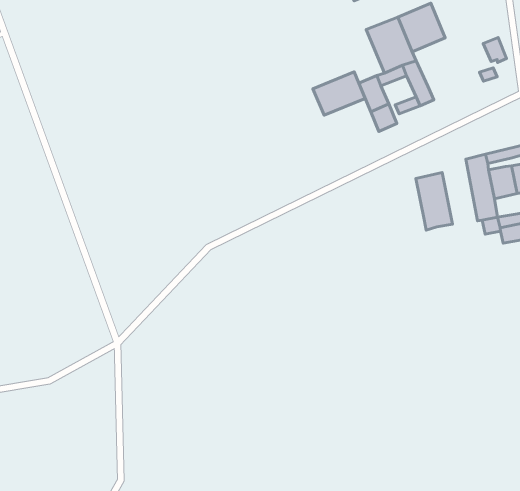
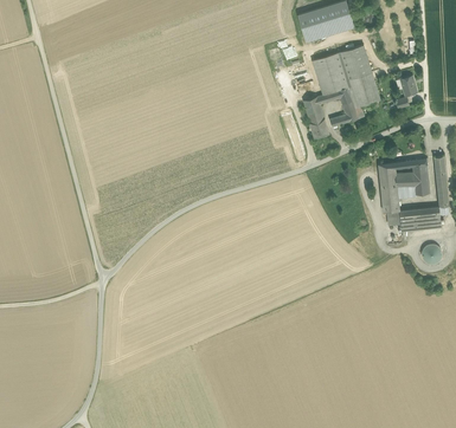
building: none -> [346,72,380,108]
building: [313,72,365,115] -> none
building: [416,172,452,230] -> none

